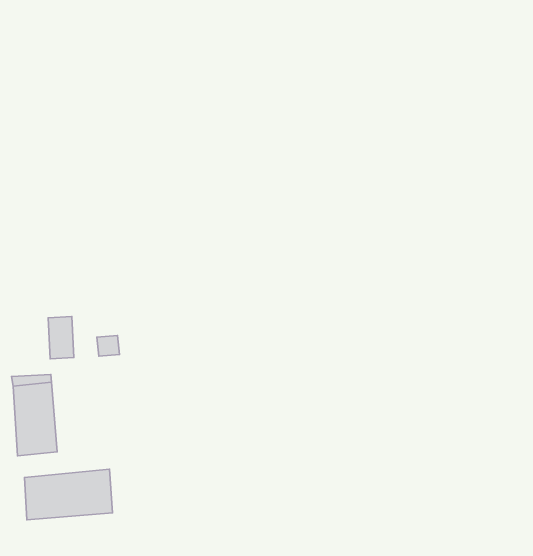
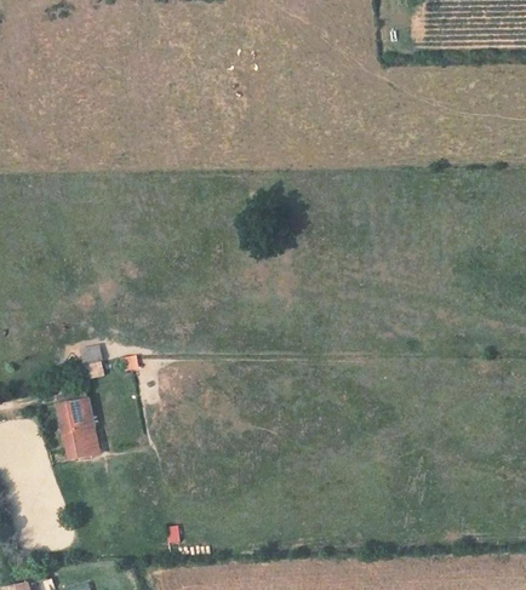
building: [24,469,112,520] -> none

